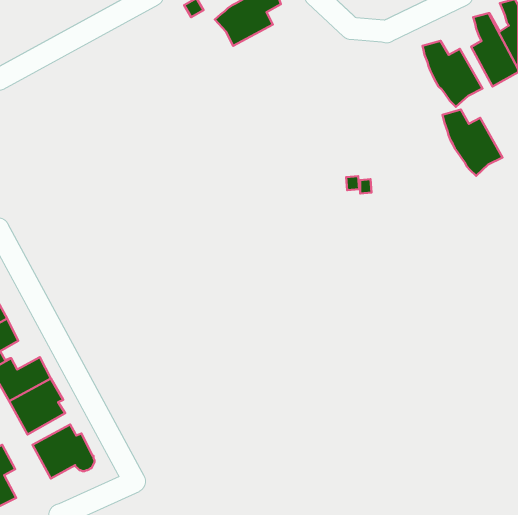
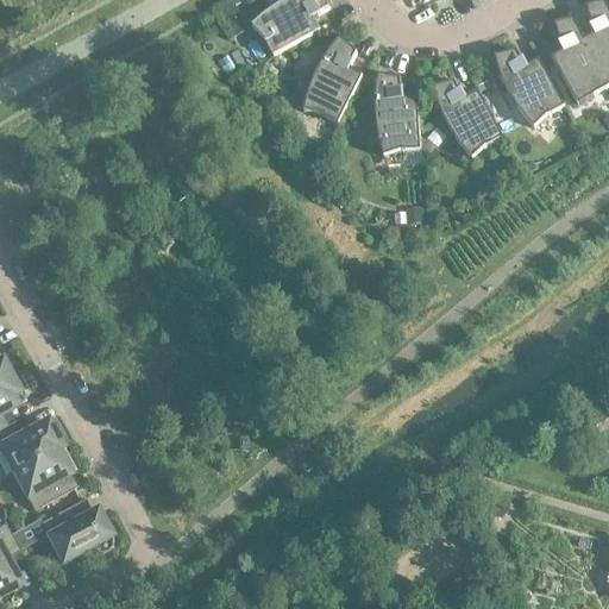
building: none -> [302,34,362,121]
building: none -> [373,71,420,153]
building: [442,110,503,176] -> [432,79,502,156]

